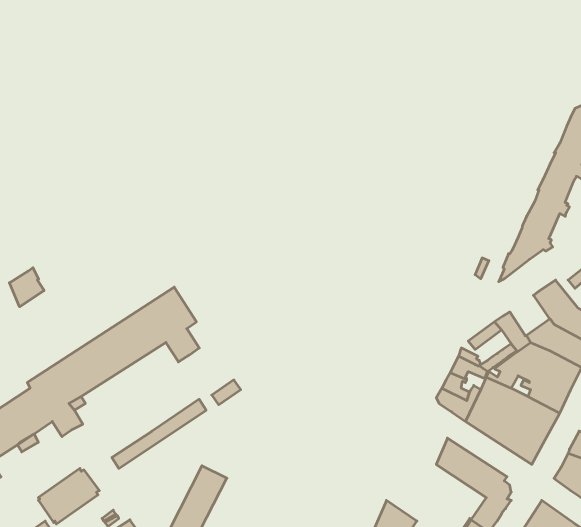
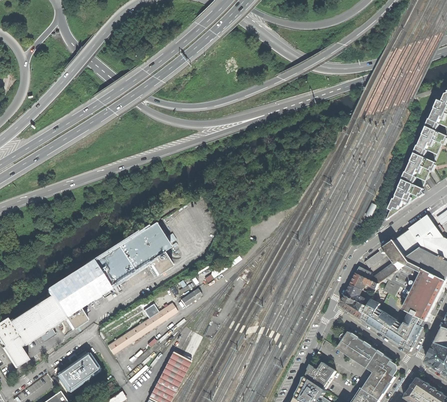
building: [9,268,44,307] -> none
building: none -> [393,228,421,257]
building: none -> [304,362,339,391]

